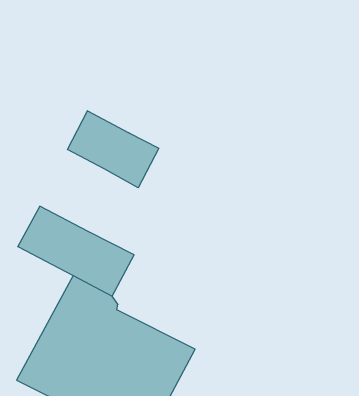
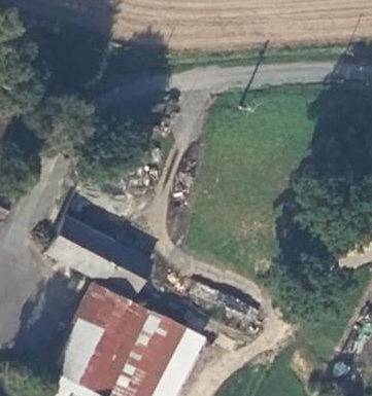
building: [68,111,159,188] -> none

